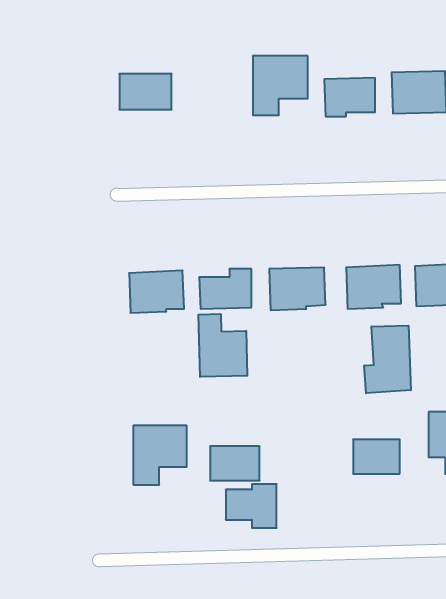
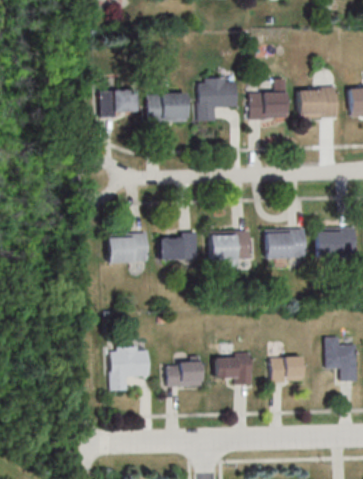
building: none -> [147,92,187,121]
building: [198,314,247,377] -> none
building: [364,326,411,393] -> none
building: [226,484,277,528] -> [215,352,252,384]

